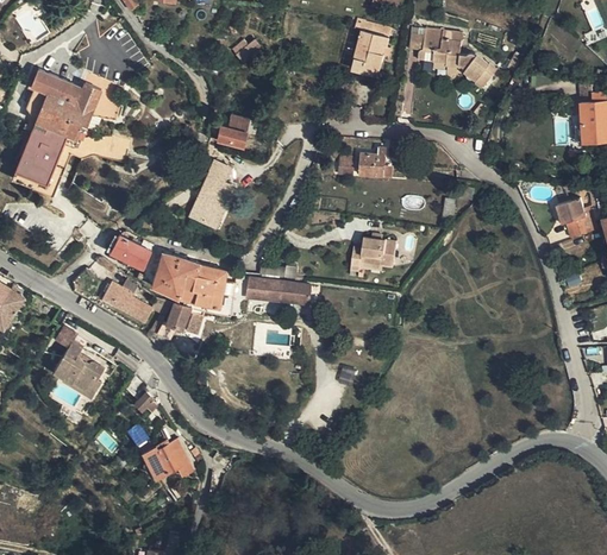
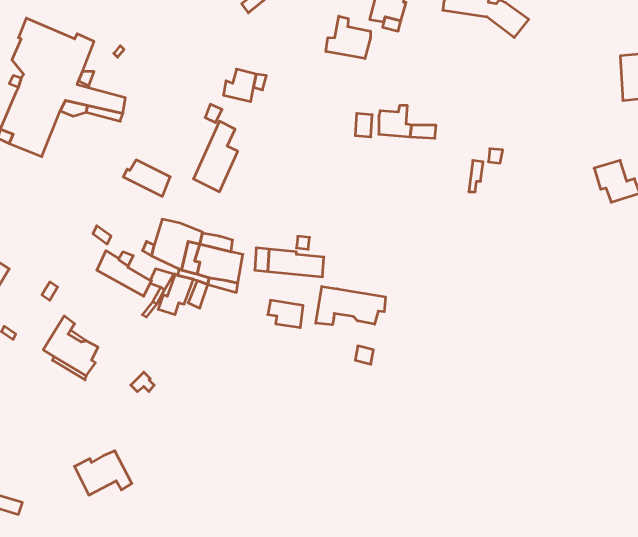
building: none -> [326,16,370,59]
building: [107,235,150,269] -> [123,160,170,196]
building: [350,238,395,278] -> none
building: none -> [316,286,385,325]
building: [142,437,194,478] -> [74,451,132,495]

